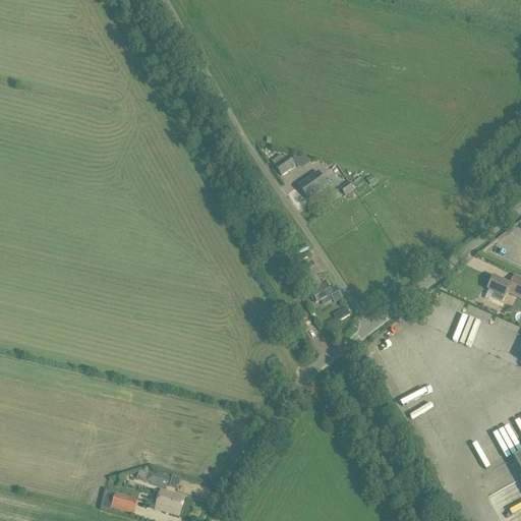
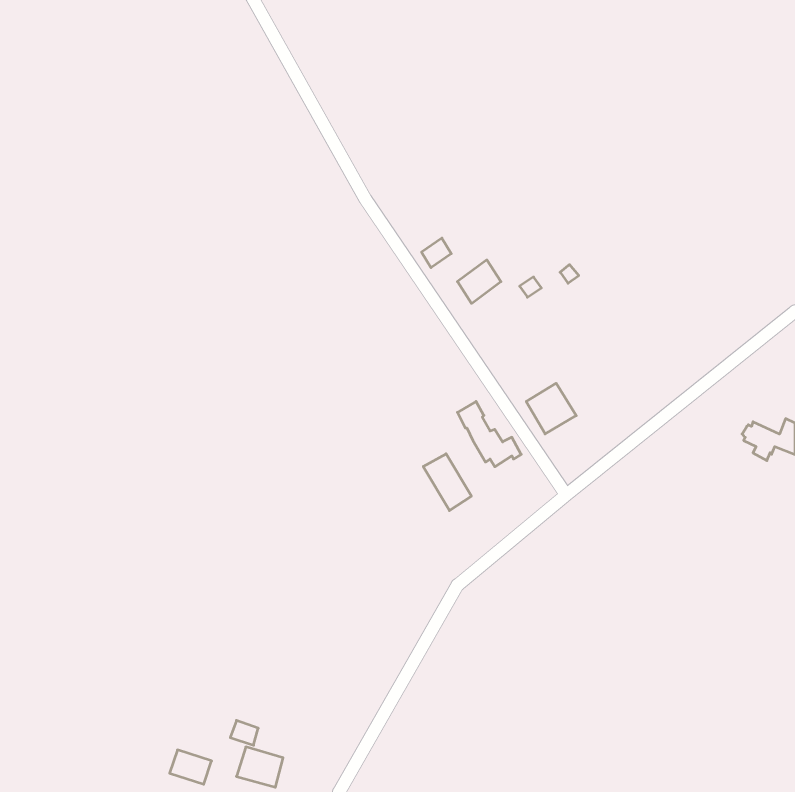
building: none -> [526,383,576,434]
building: none -> [423,454,471,511]

